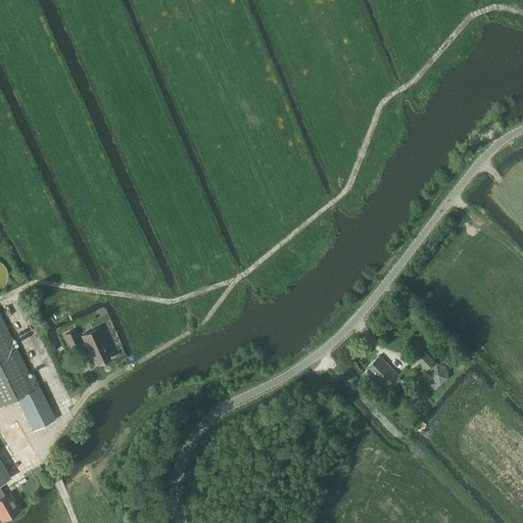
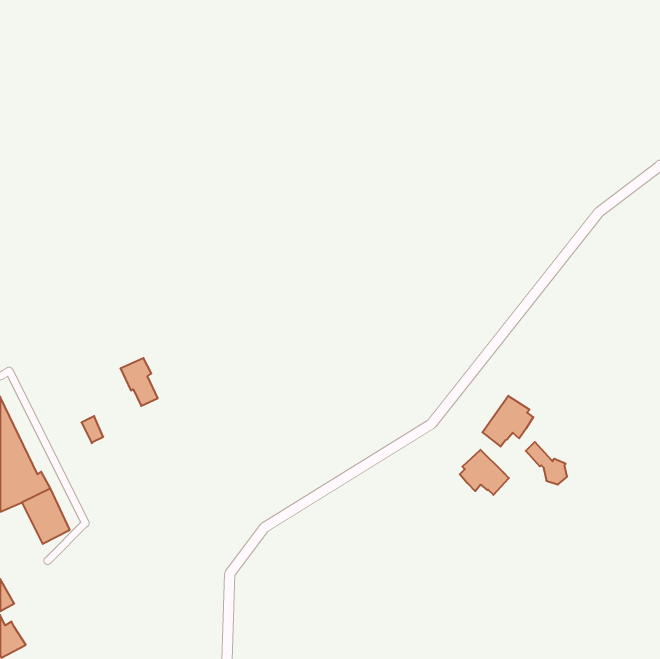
building: none -> [482,396,533,447]
building: [81,328,110,366] -> [120,358,158,406]

